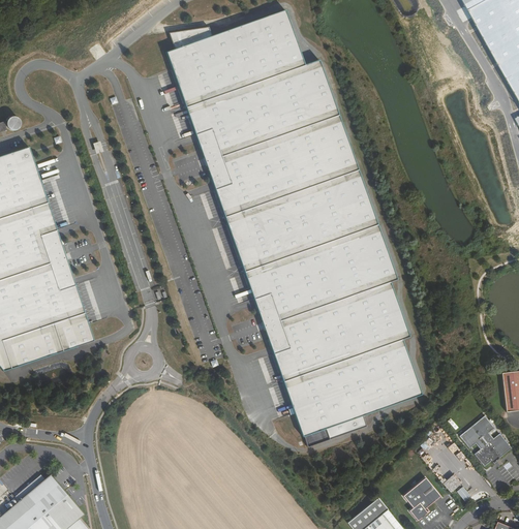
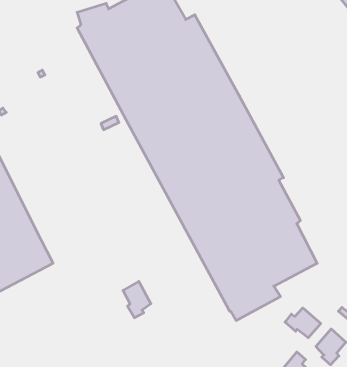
building: none -> [123,281,151,318]
building: none -> [285,308,321,338]

